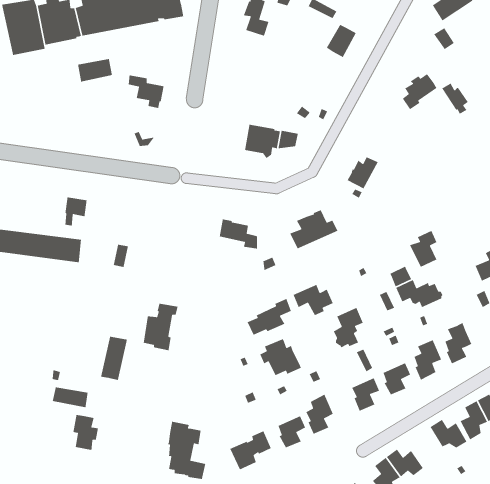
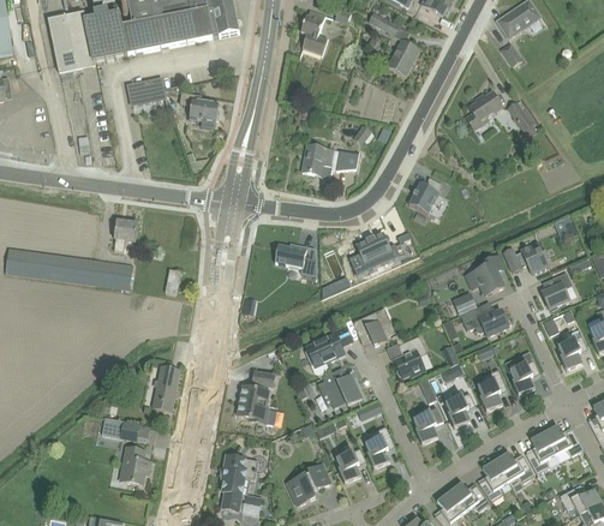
building: none -> [503,241,549,274]
building: [143,303,178,351] -> [238,372,275,423]
building: none -> [478,460,508,502]

